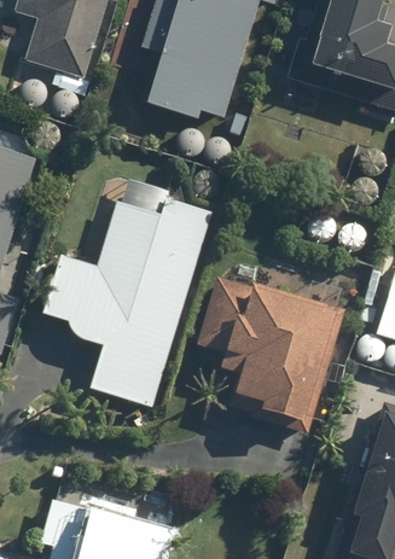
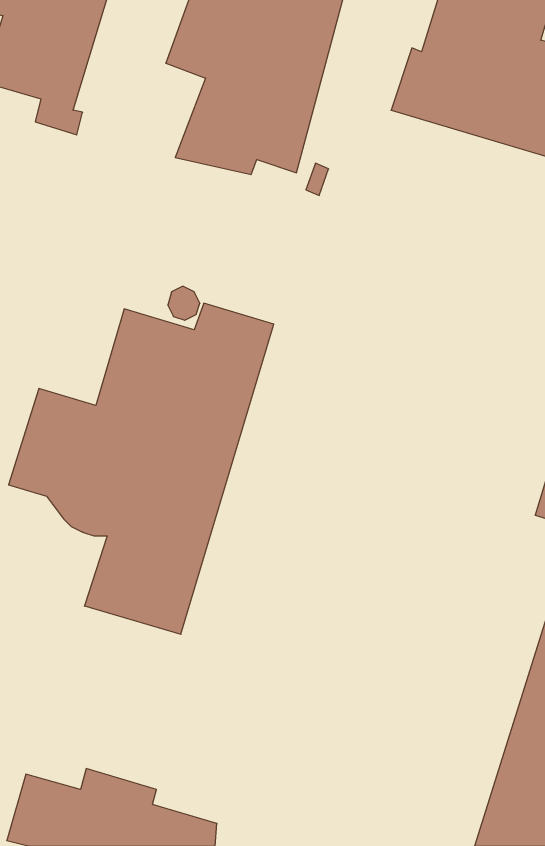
building: [196,275,347,432] -> none

